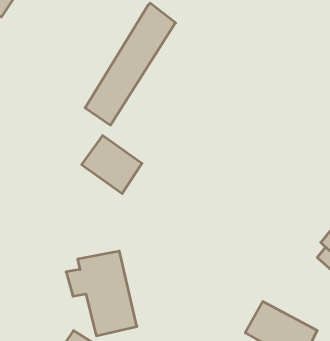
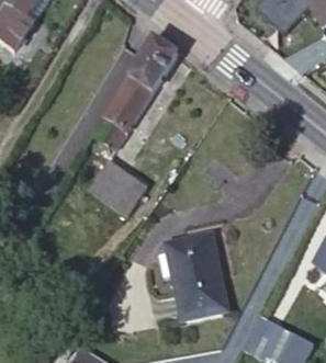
building: [66,251,137,336] -> [157,236,224,316]

